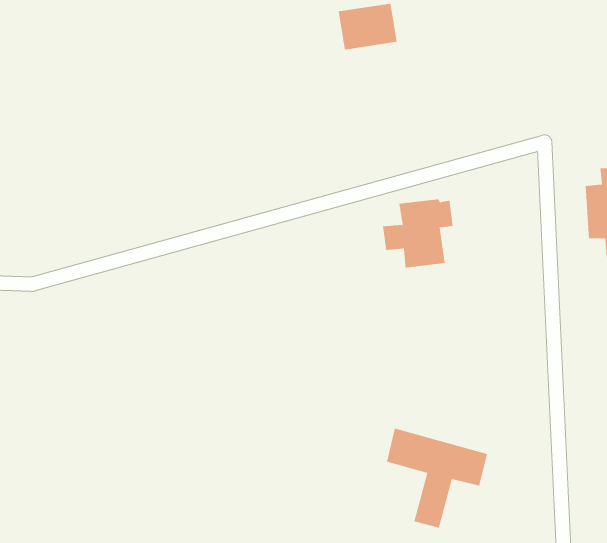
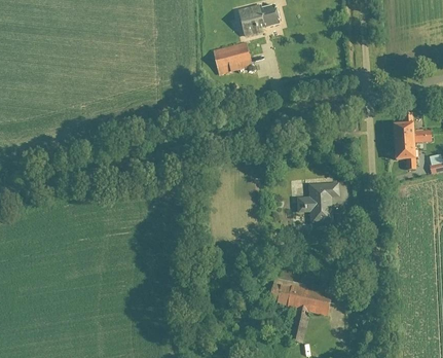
building: none -> [213,43,252,74]
building: [382,199,453,268] -> [295,180,340,224]

